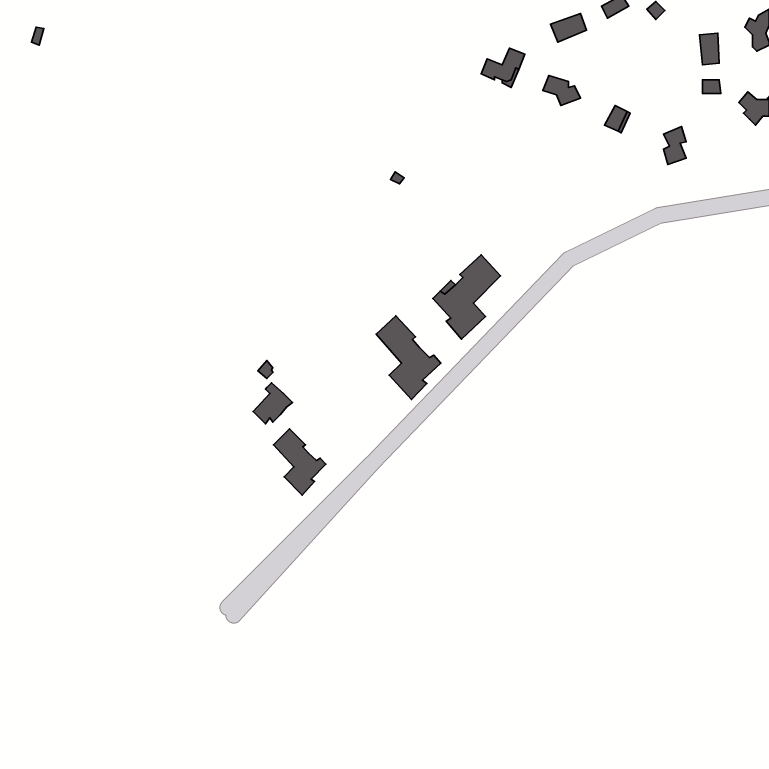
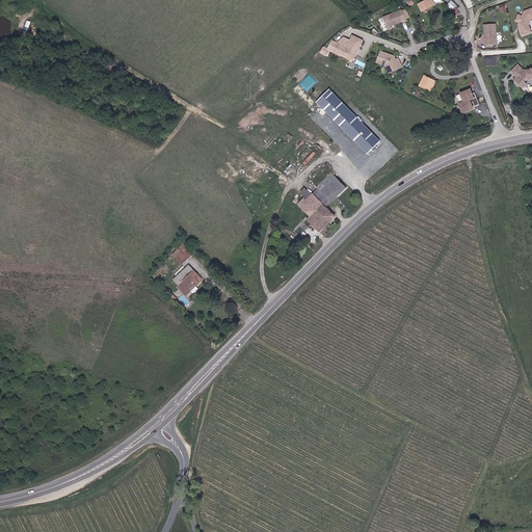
building: none -> [315,88,379,152]
building: [376,316,441,399] -> none
building: [274,429,326,495] -> none

